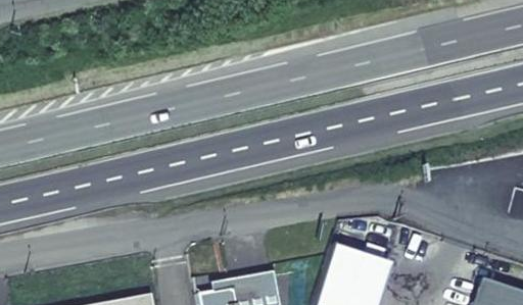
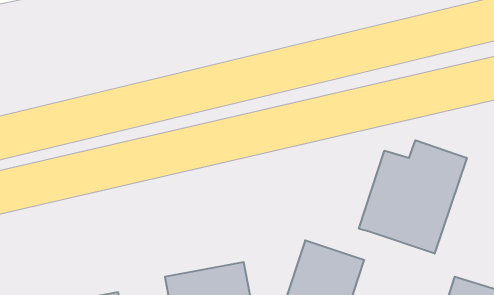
building: none -> [359,140,467,254]

